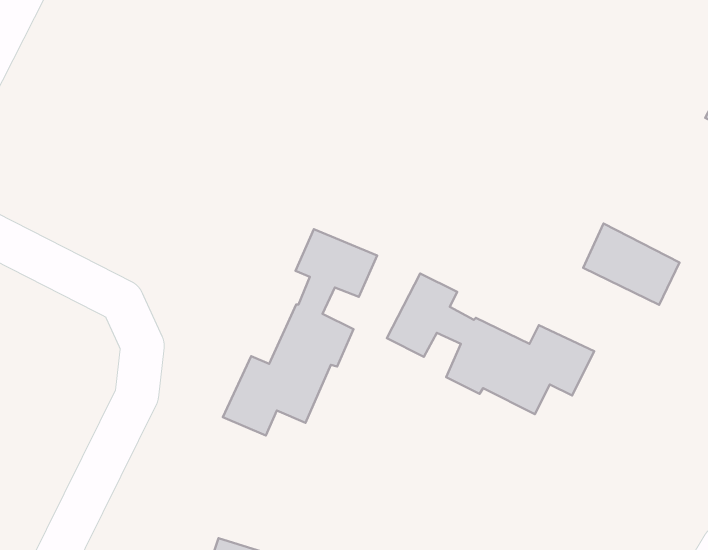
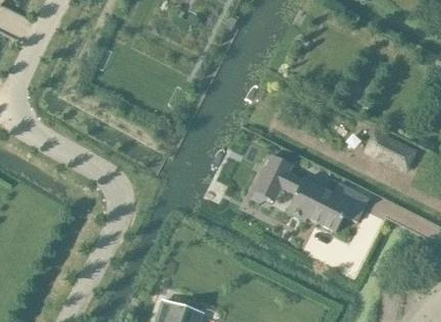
building: [223,229,377,436] -> none

